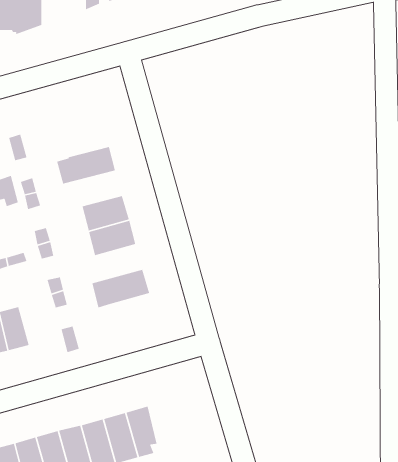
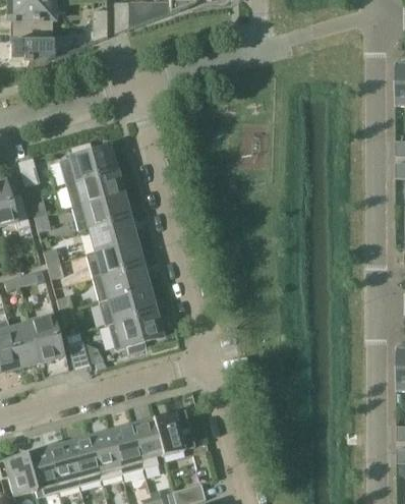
building: none -> [60,143,116,183]
building: none -> [71,193,128,230]
building: none -> [93,264,148,300]
building: none -> [115,311,161,352]
building: none -> [28,316,62,361]
building: none -> [153,411,188,455]

